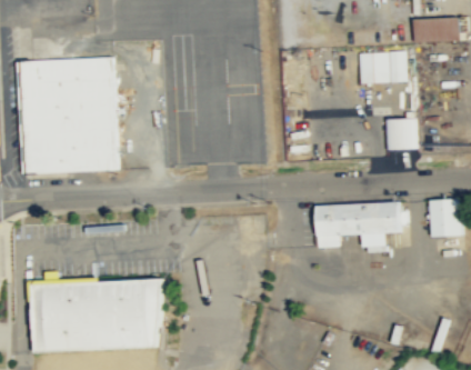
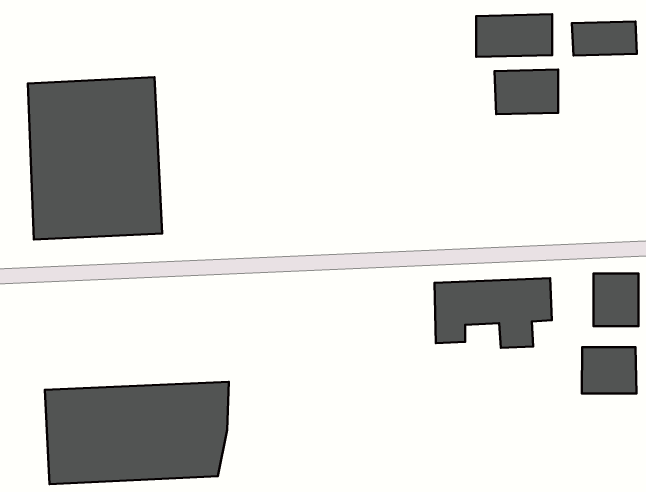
building: none -> [476,14,552,57]
building: [383,120,413,150] -> none
building: none -> [582,347,637,394]

